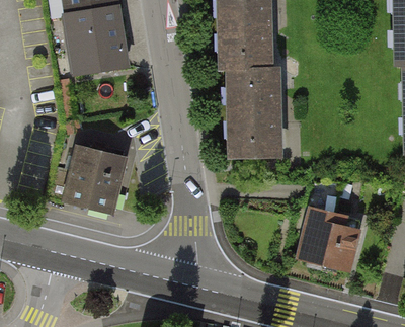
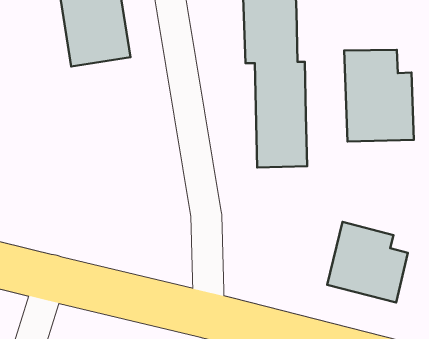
building: none -> [344,50,414,141]
building: [59,145,126,213] -> none

